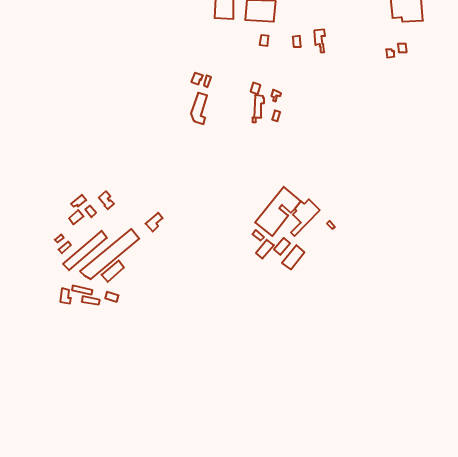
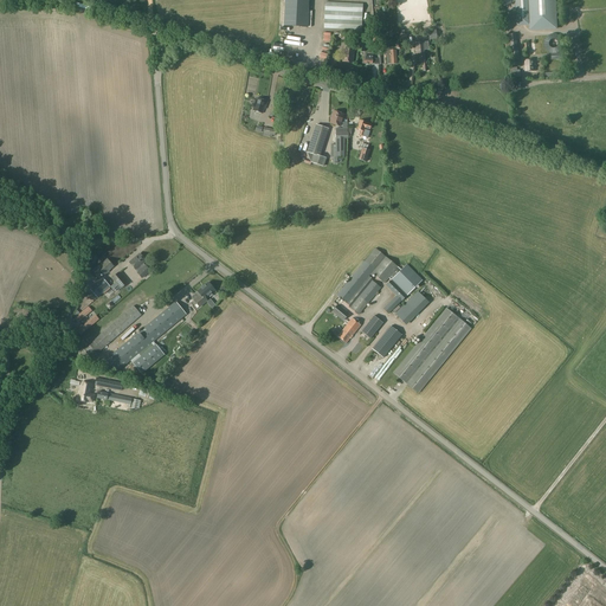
building: [191,93,207,124] -> [308,123,329,165]
building: none -> [395,289,431,323]
building: none -> [395,307,472,391]

